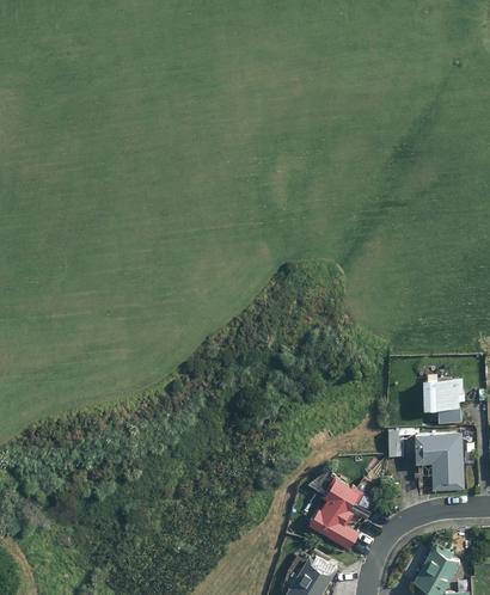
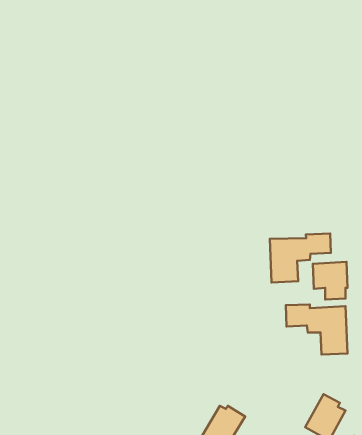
building: none -> [270,234,331,282]
building: [306,477,363,551] -> none

